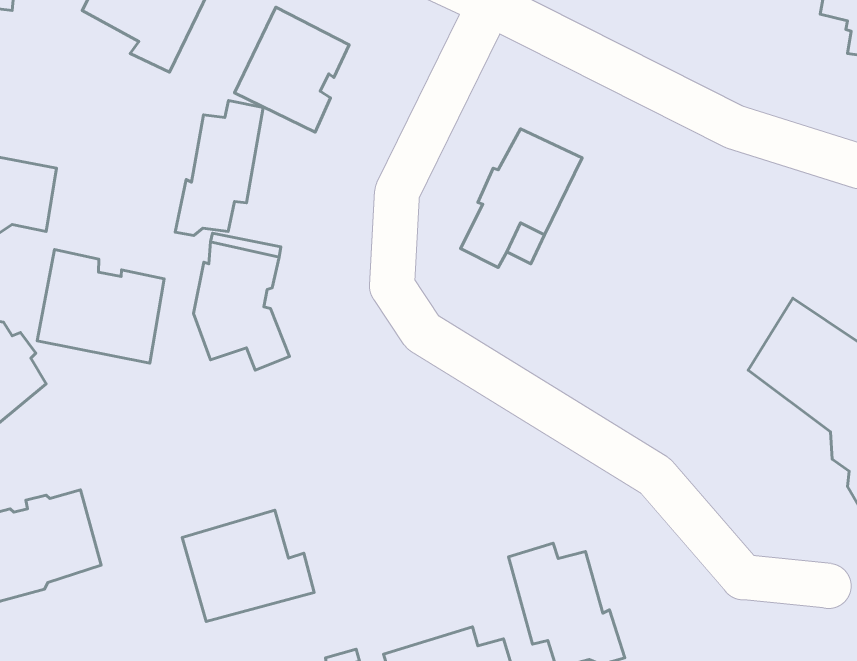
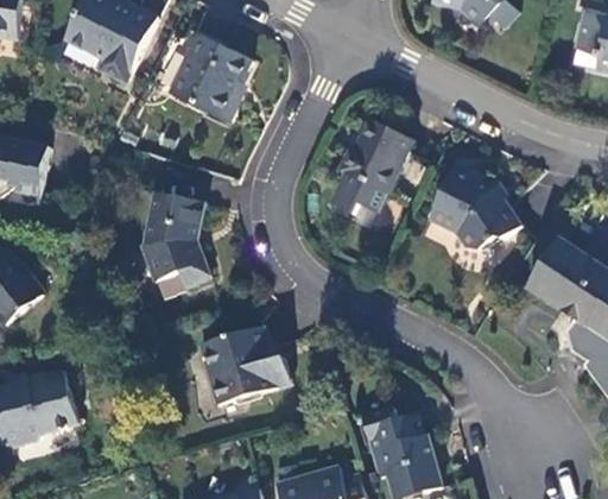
building: [175,101,263,235] -> none
building: none -> [428,164,519,249]
building: [37,249,164,363] -> none
building: [182,510,314,621] -> [198,328,290,405]

